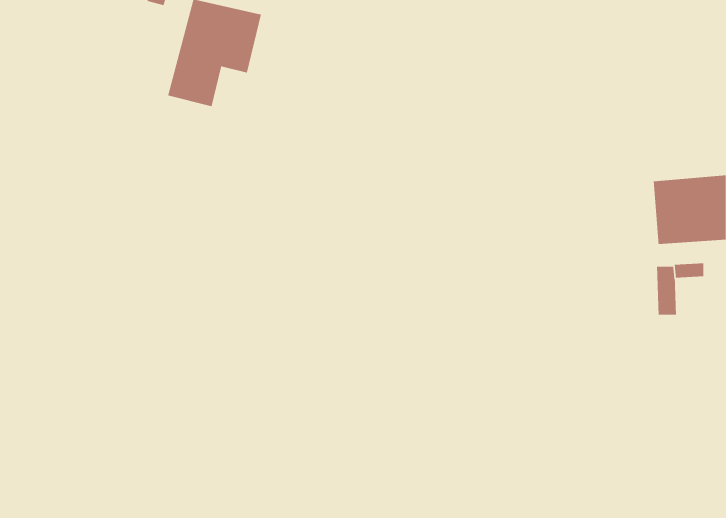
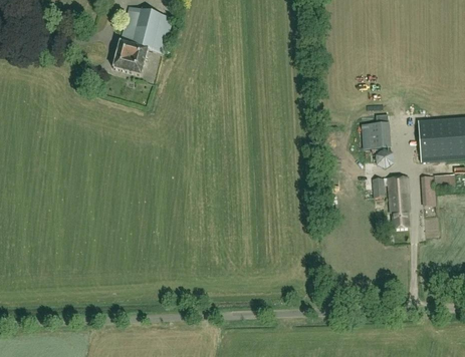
building: none -> [362,121,391,148]
building: none -> [373,175,411,228]

